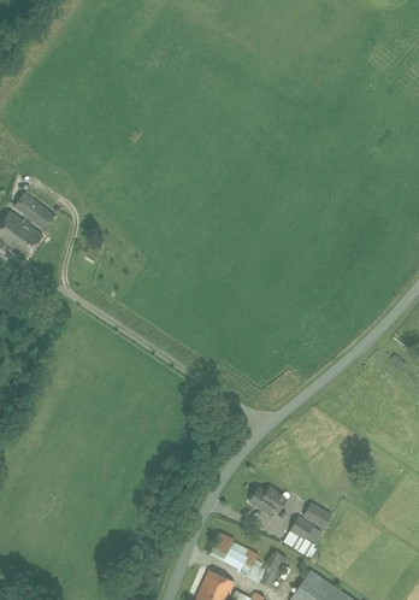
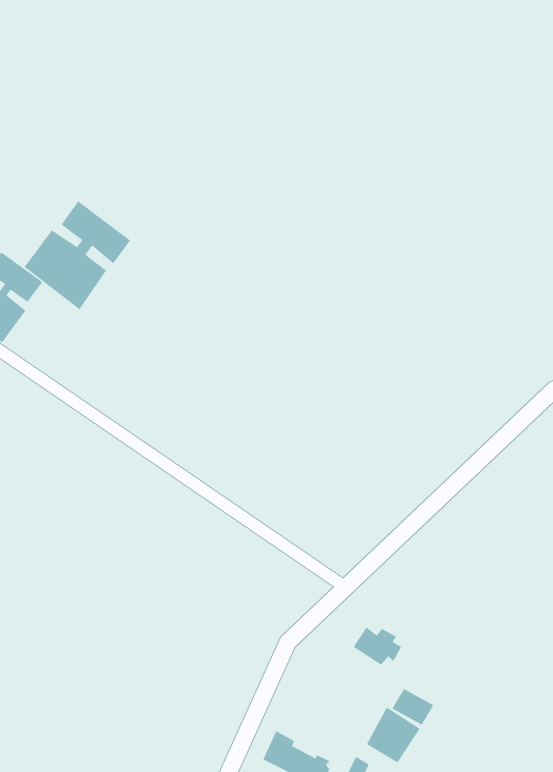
building: none -> [24,201,131,310]
building: [249,487,284,514] -> [353,626,402,666]

